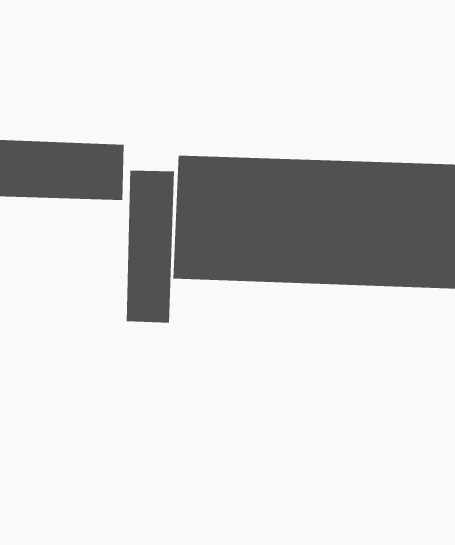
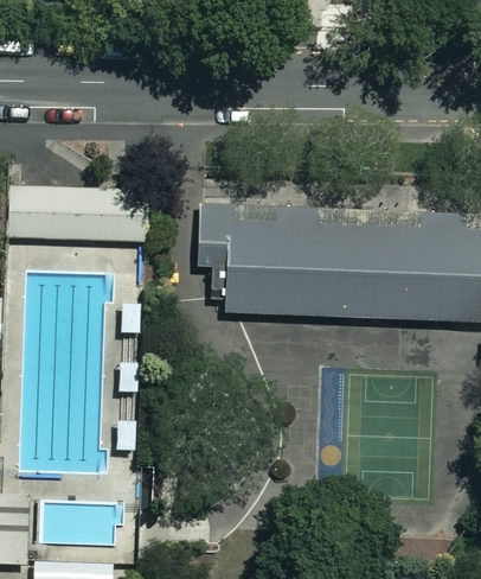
building: [126,170,174,324] -> none

